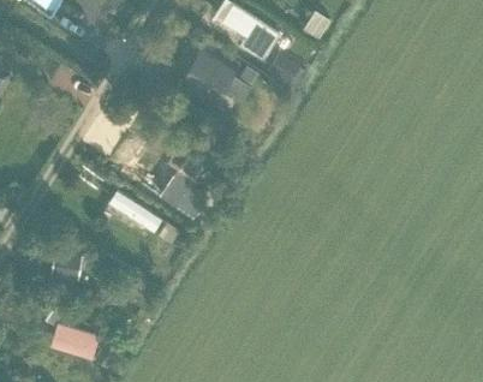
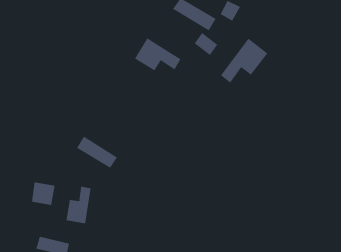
building: none -> [220,38,268,84]
building: [161,156,205,219] -> none
building: none -> [66,186,91,224]

